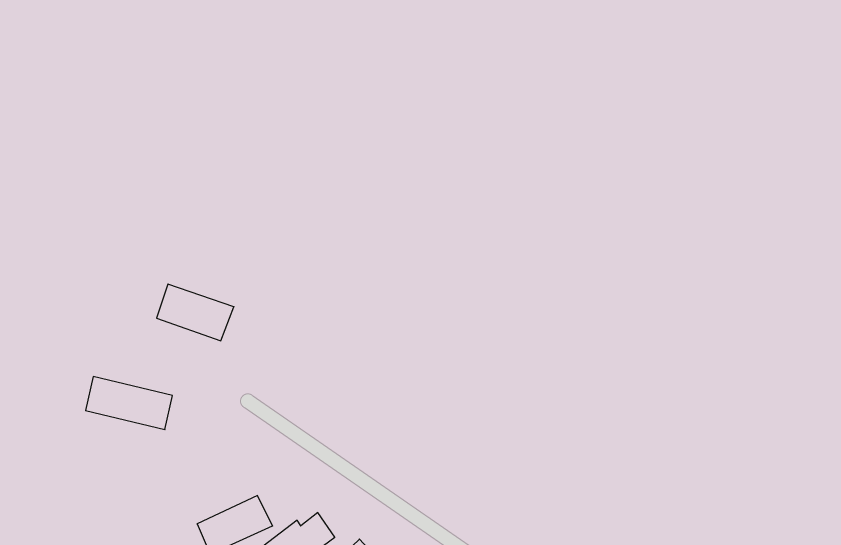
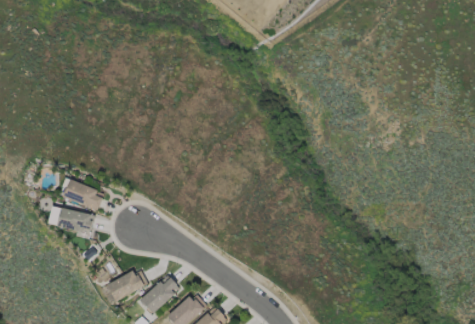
building: [157,284,234,341] -> [63,180,104,210]

